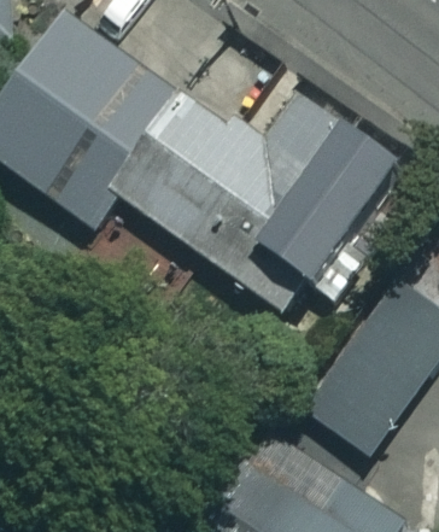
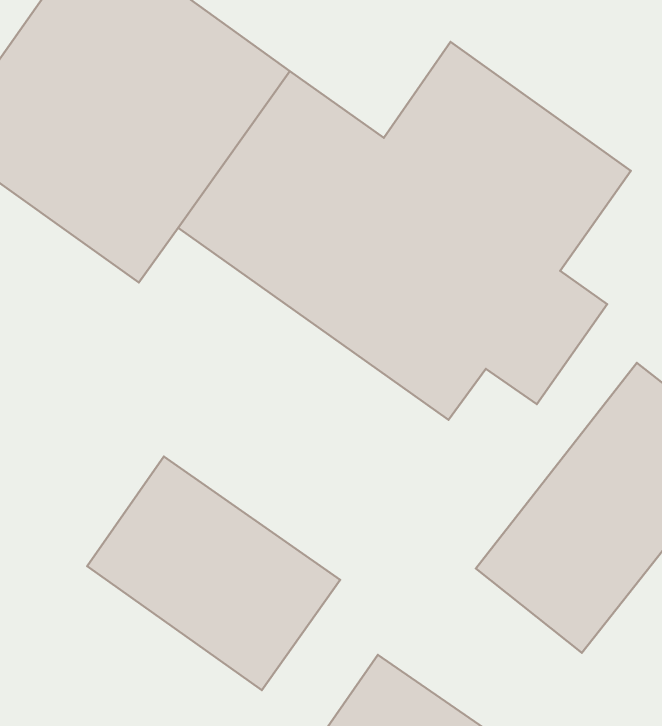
building: none -> [87,456,340,690]

